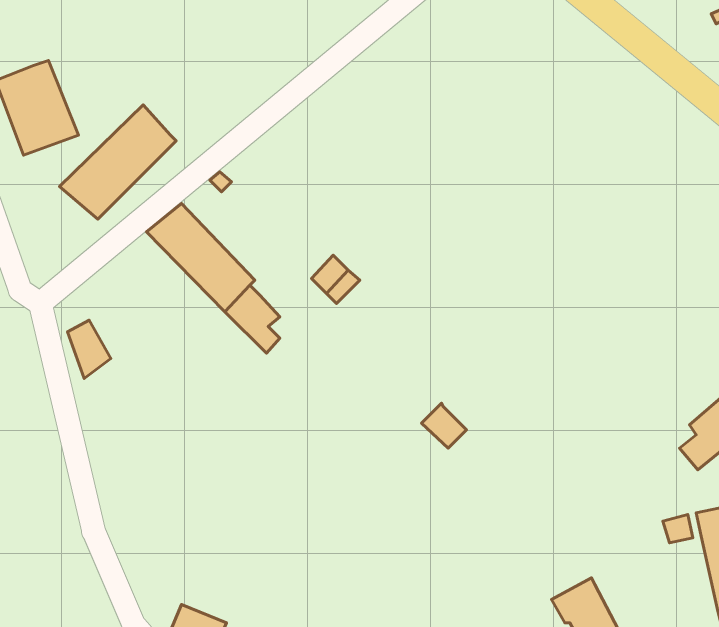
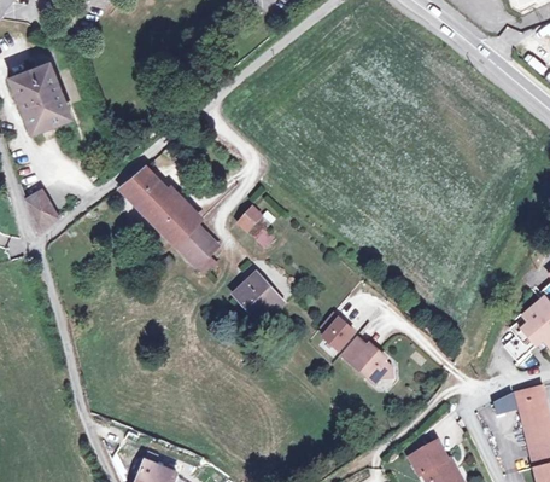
building: [60,105,176,219] -> none
building: [67,320,111,378] -> [25,188,57,231]
building: none -> [235,274,282,323]
building: none -> [343,336,392,383]

